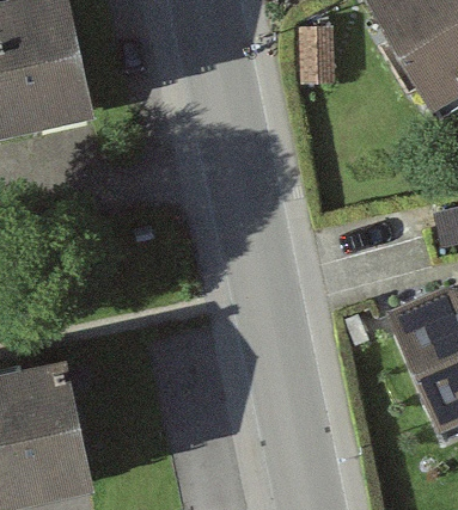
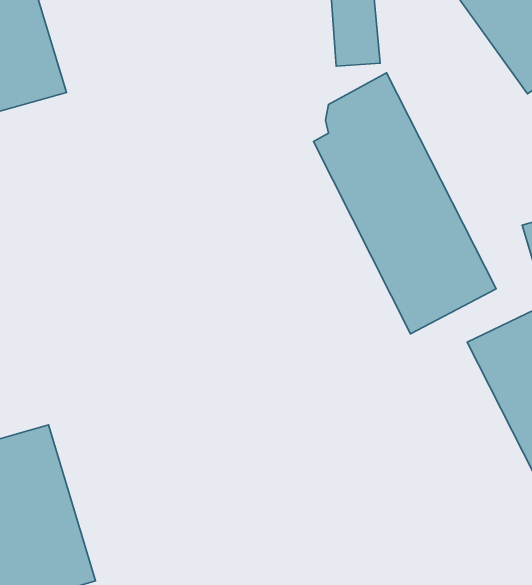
building: none -> [314,73,496,334]

